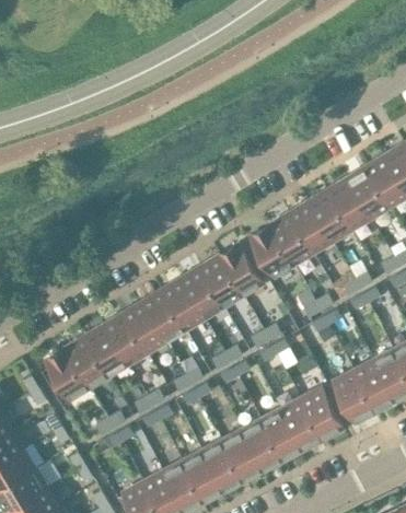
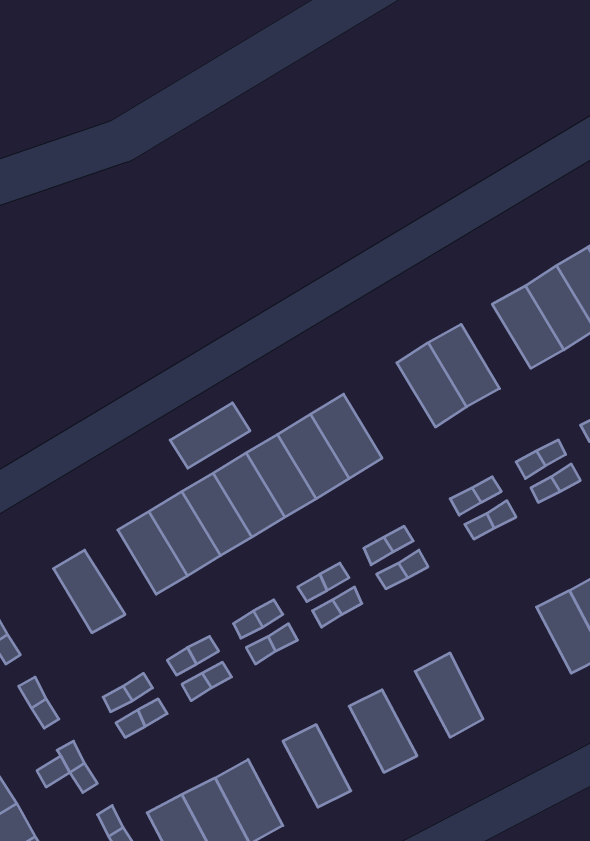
building: [308,190,349,241] -> none
building: [248,225,292,276] -> none
building: none -> [170,403,250,468]
building: [83,325,126,375] -> none
building: [44,348,88,399] -> none
building: [332,371,373,421] -> none
building: [301,388,341,438] -> none
building: [260,409,301,459] -> none
building: [221,430,262,480] -> none
building: [181,451,222,501] -> none

